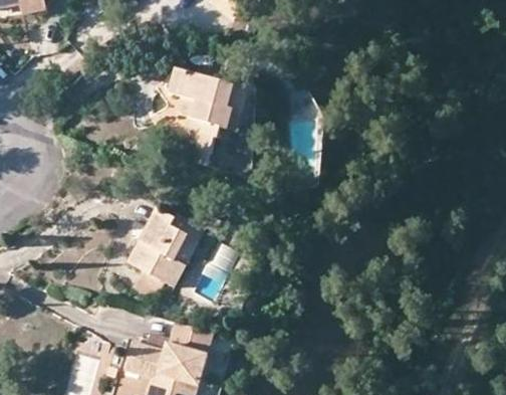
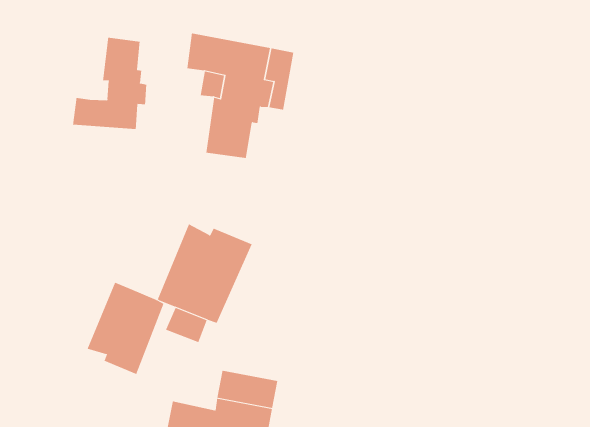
building: none -> [72,37,147,130]
building: none -> [87,282,164,375]

